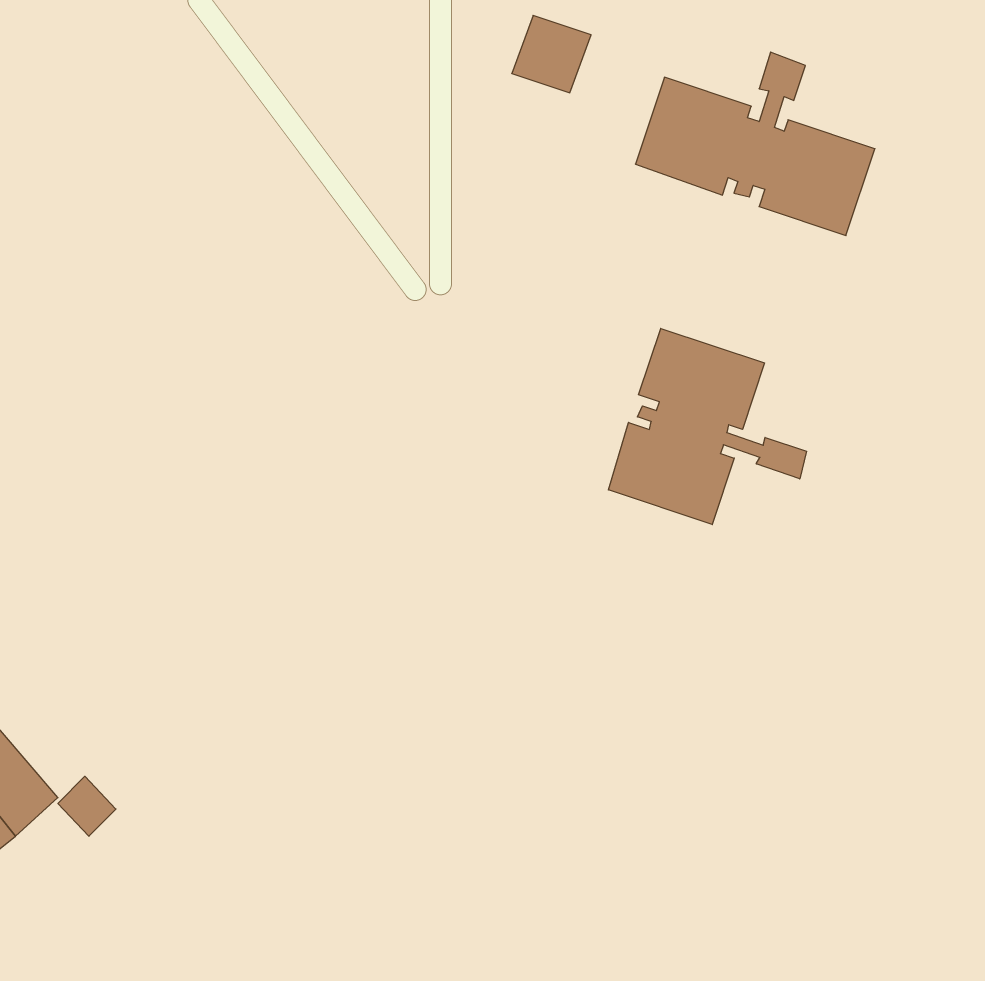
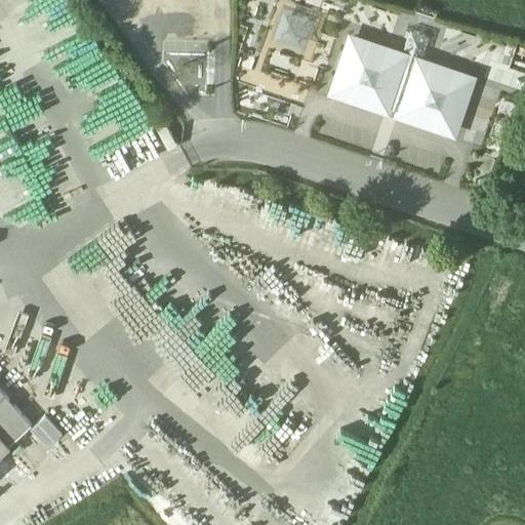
building: [608,328,807,525] -> none

